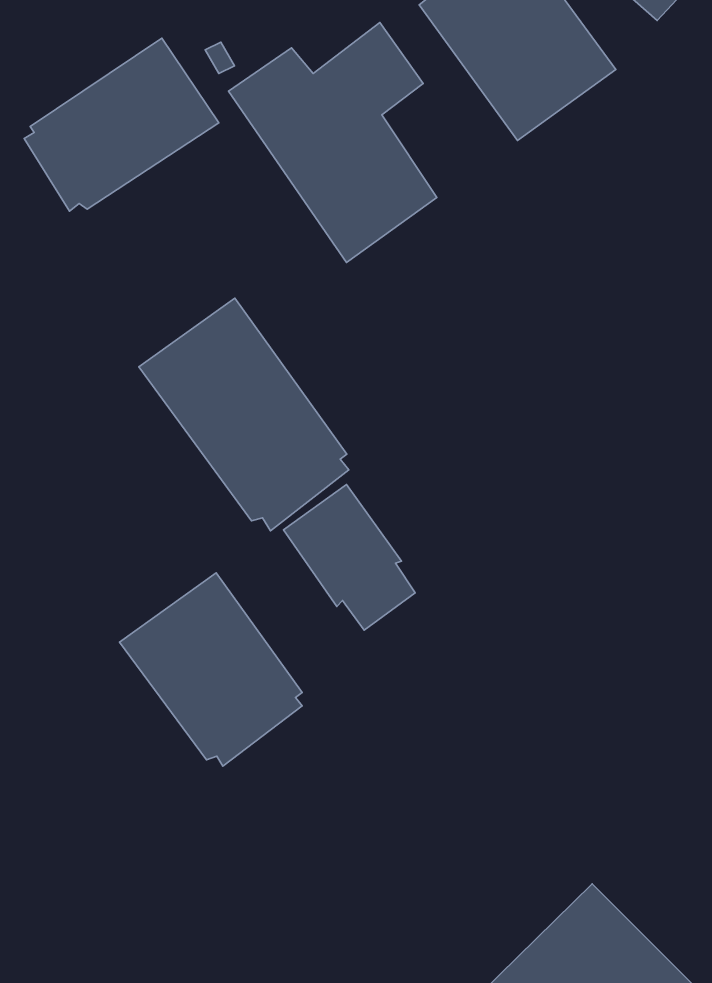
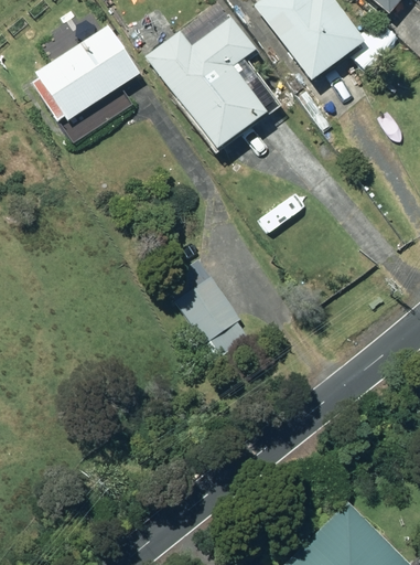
building: [139,298,349,531] -> none
building: [119,573,302,766] -> none

